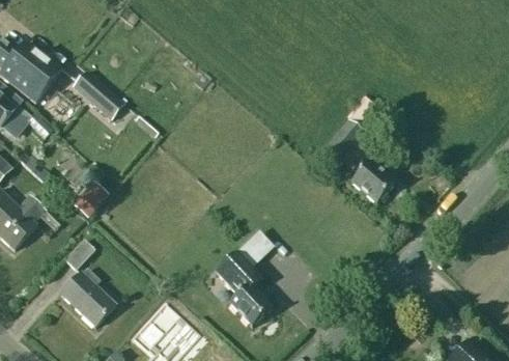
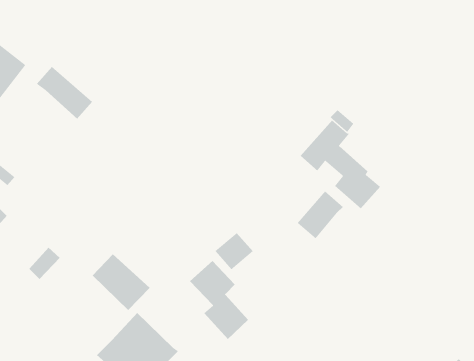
building: [70,179,107,217] -> none
building: none -> [297,191,344,239]
building: [60,273,115,327] -> [92,253,150,311]

